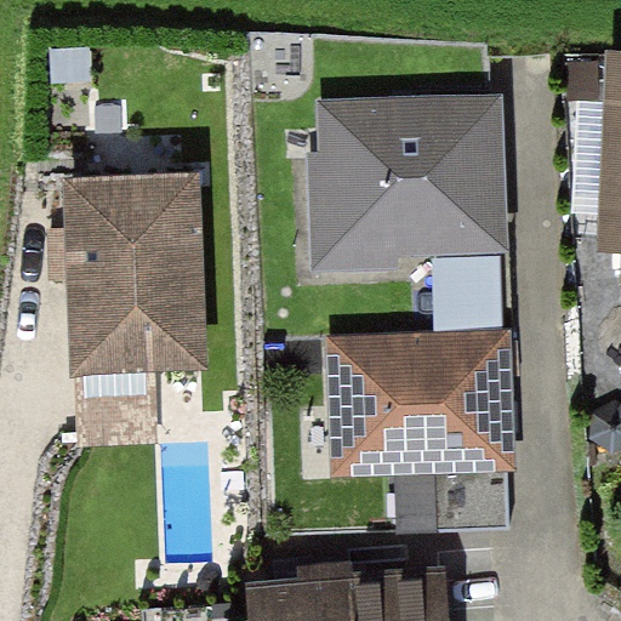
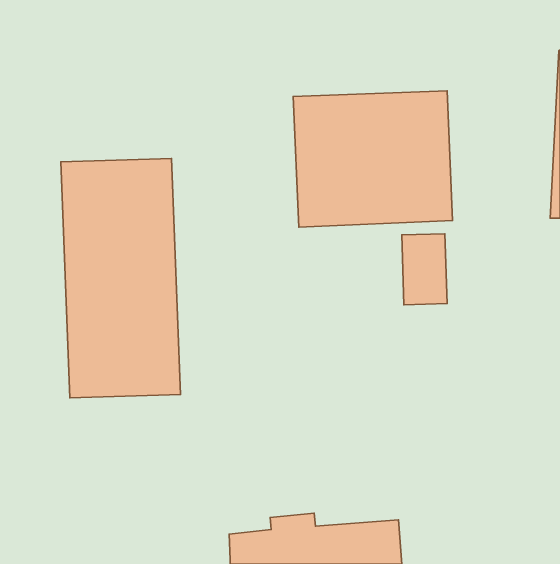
building: [331,335,506,529] -> none

